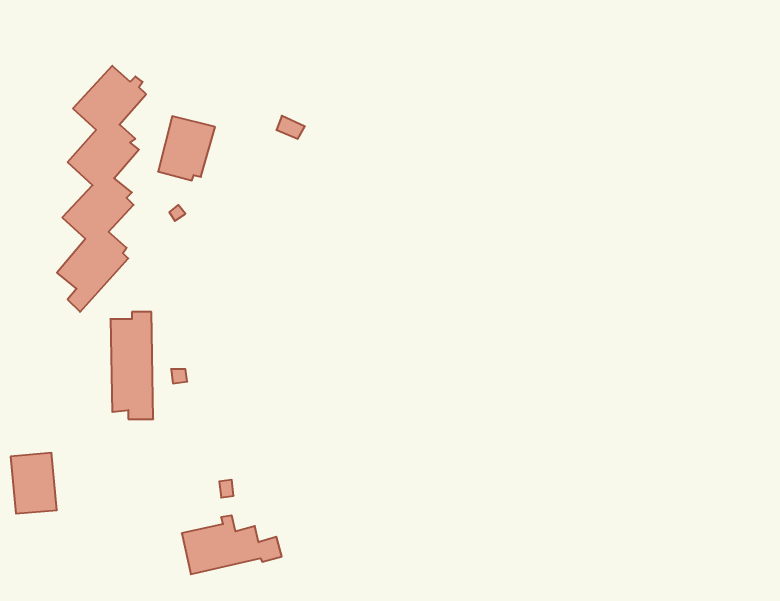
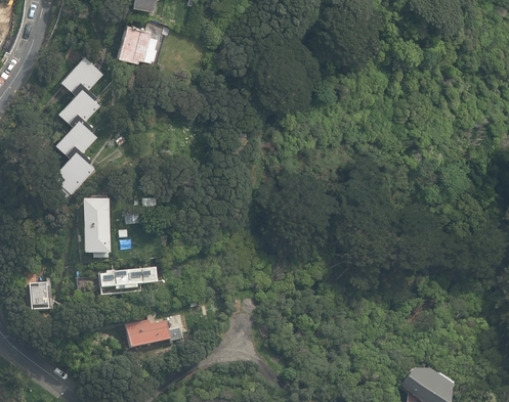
building: [158,116,215,180] -> [119,26,152,62]
building: none -> [98,267,154,295]

